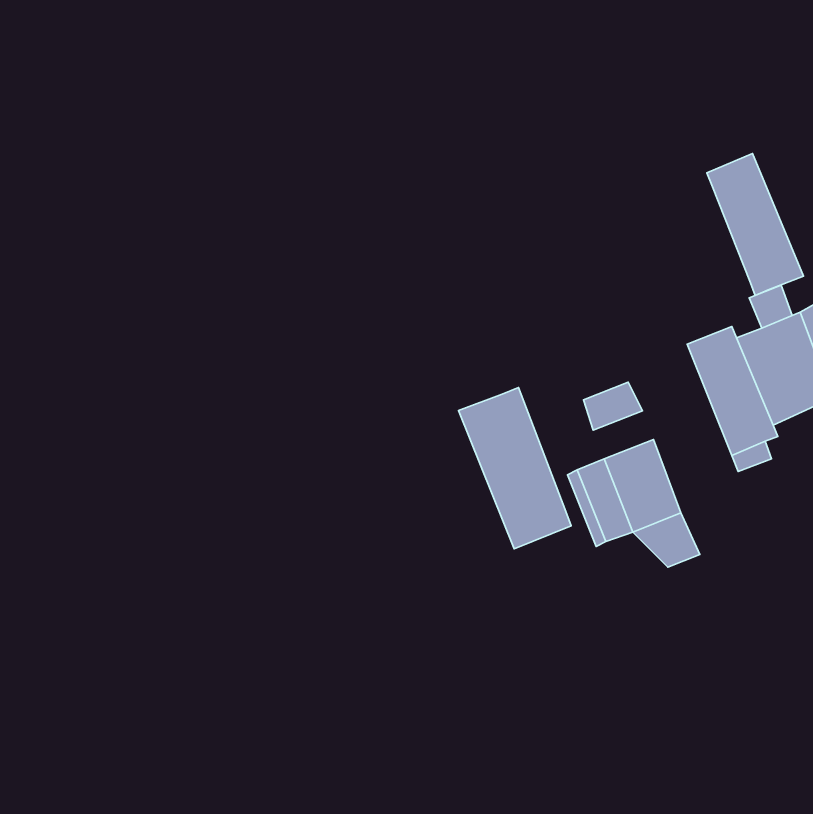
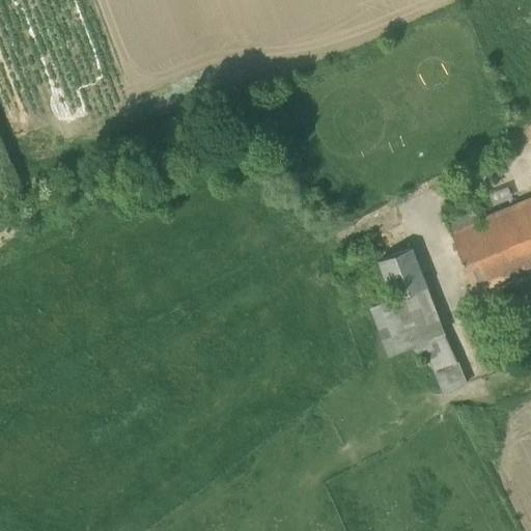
building: [707,153,803,295] -> none
building: [458,387,571,549] -> none
building: none -> [387,268,426,299]
building: none -> [436,361,467,393]

